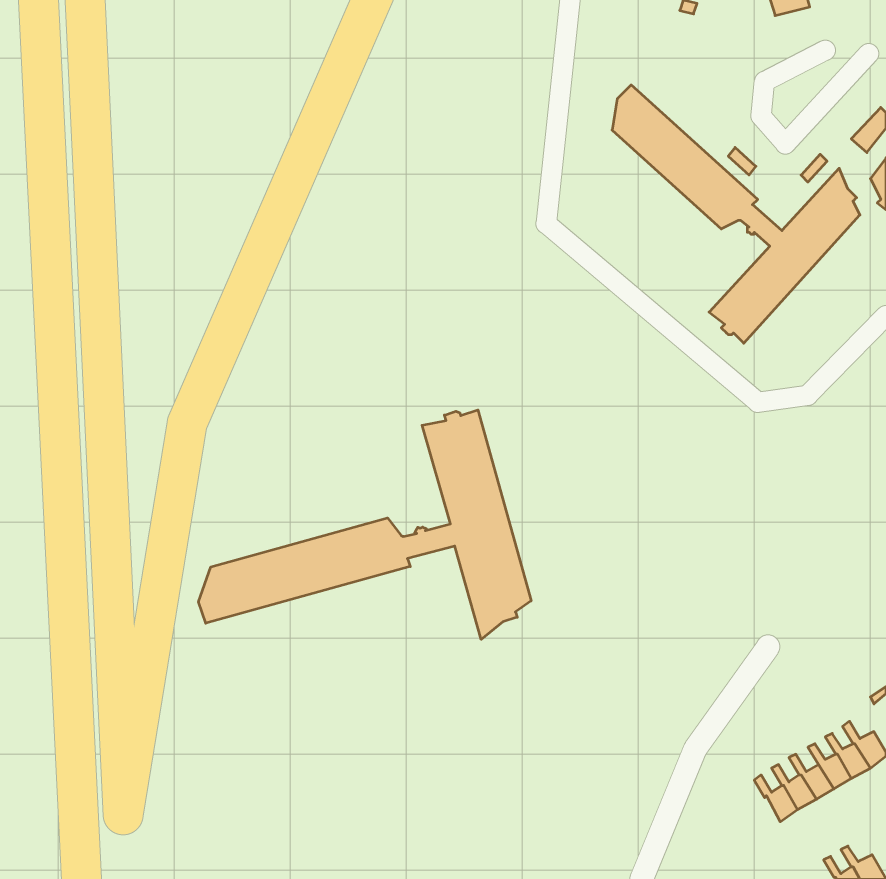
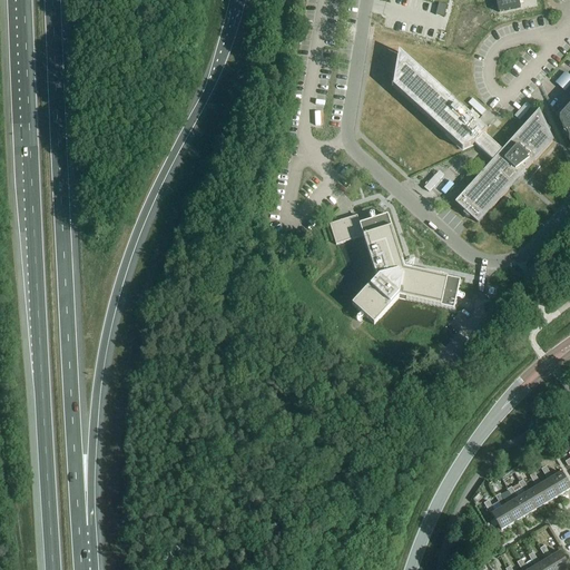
building: none -> [330,212,460,322]
building: [199,410,531,639] -> none

